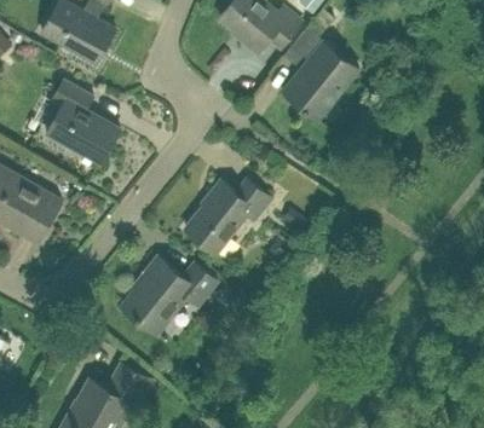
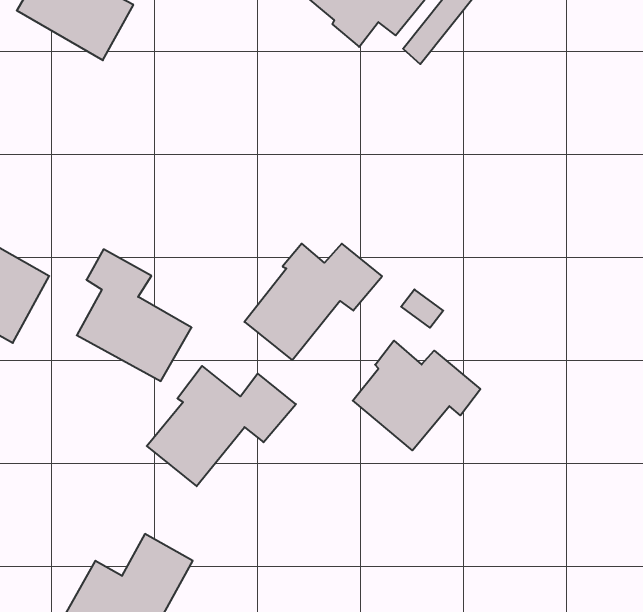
building: [289,41,357,120] -> none
building: [46,79,119,162] -> [77,249,192,381]
building: none -> [353,341,480,450]

